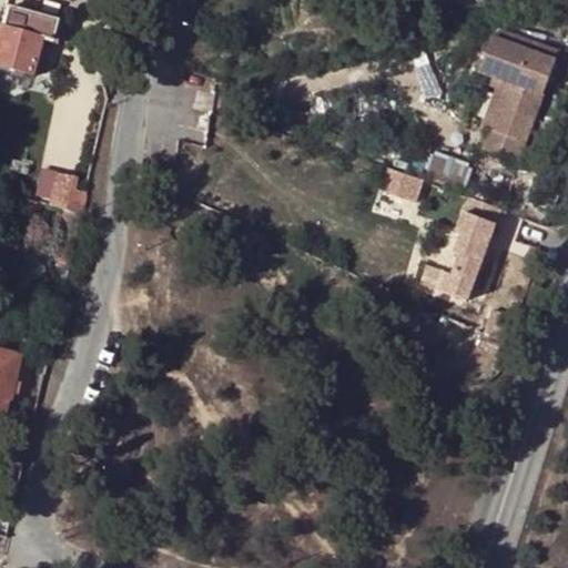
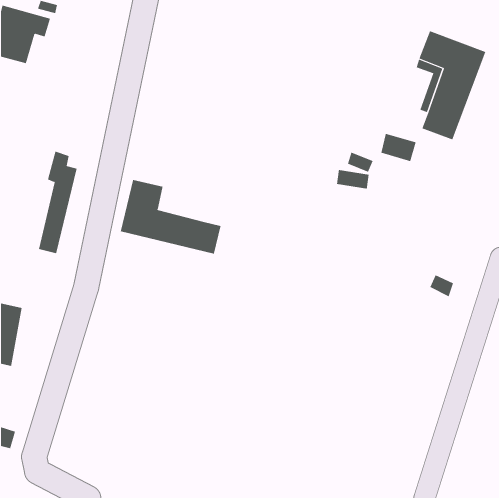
building: [448,189,500,293] -> none
building: none -> [120,179,221,255]

